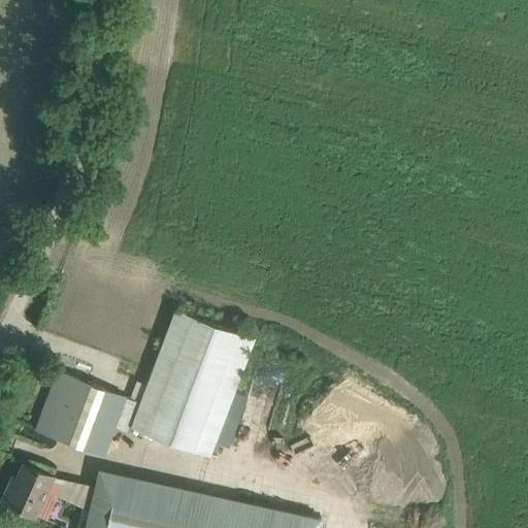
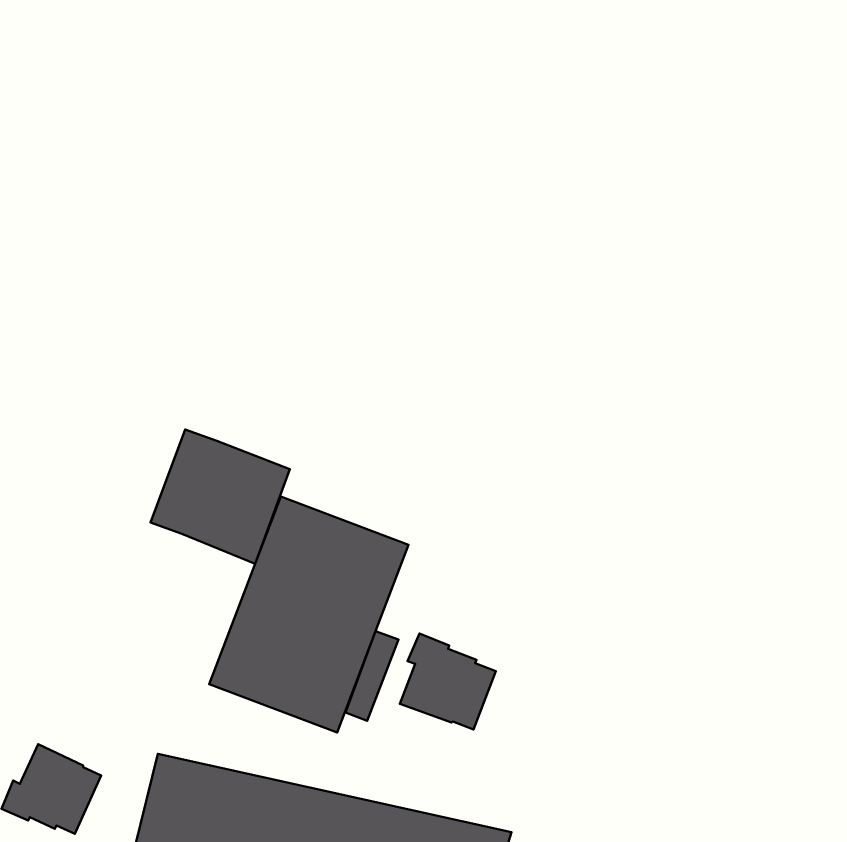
building: [37,374,124,458] -> [150,429,290,564]
building: none -> [400,634,496,730]

